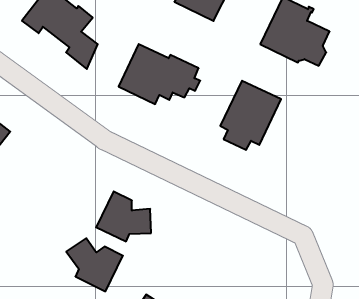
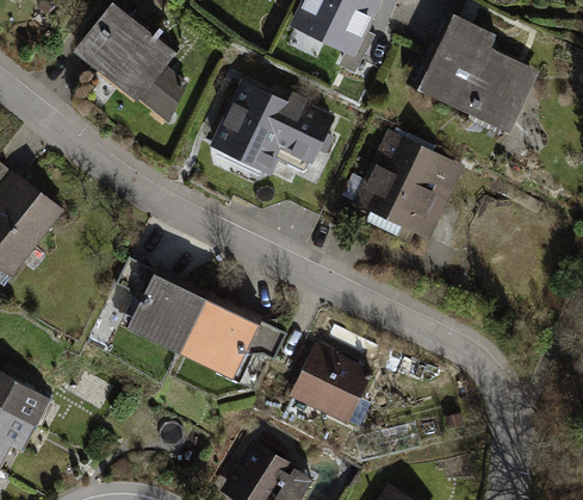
building: none -> [293,348,372,418]
building: [66,238,123,291] -> [128,271,209,348]

